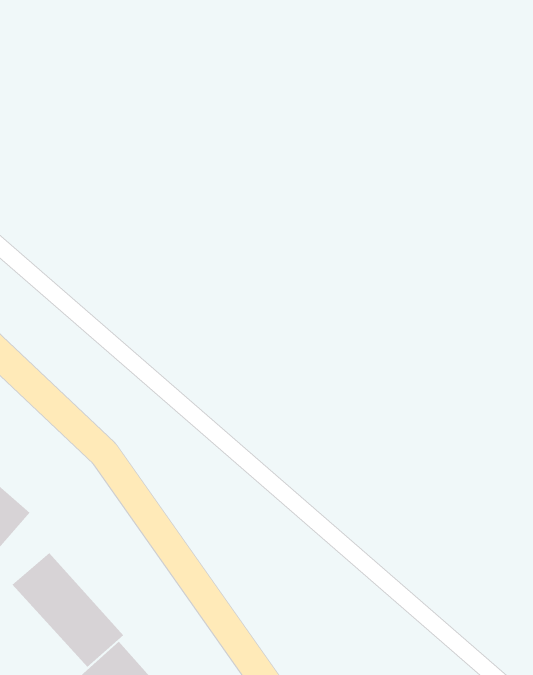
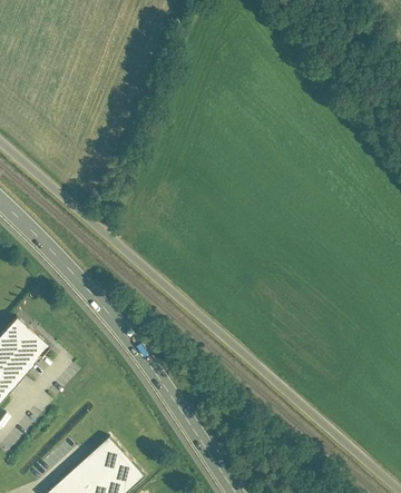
building: [11,552,124,668] -> none

